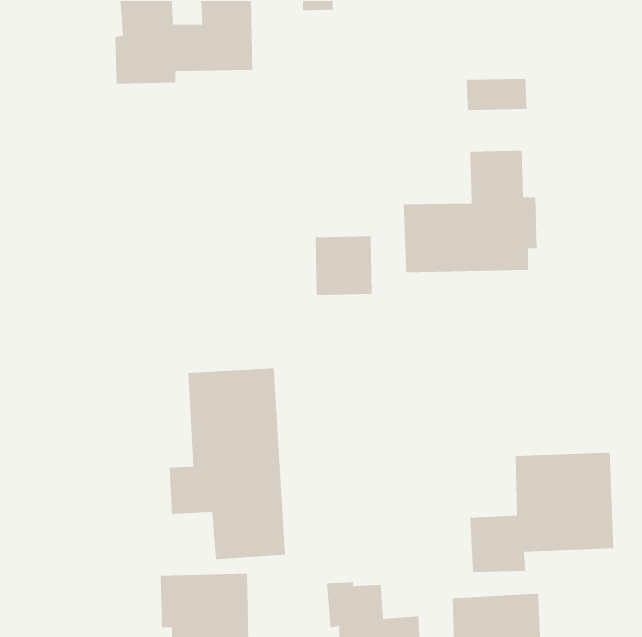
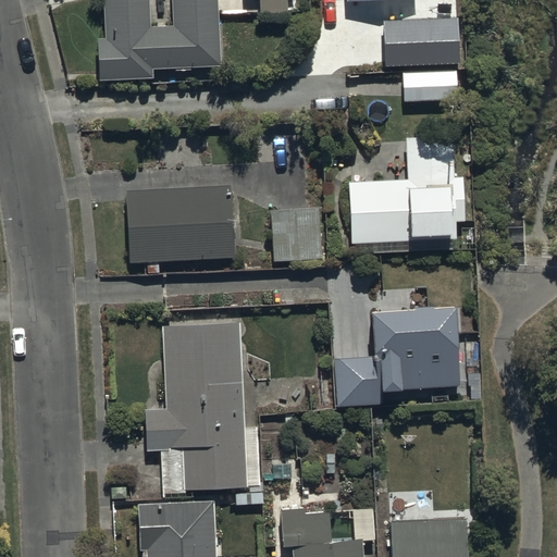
building: none -> [377,14,465,71]
building: none -> [126,186,235,263]
building: [470,452,614,573] -> [334,301,459,406]

